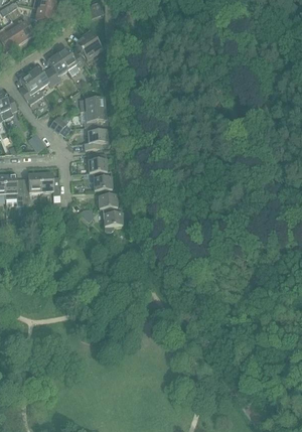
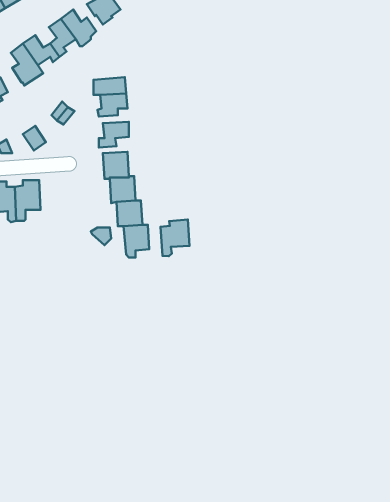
building: [40,172,59,195] -> none
building: none -> [160,219,190,256]

